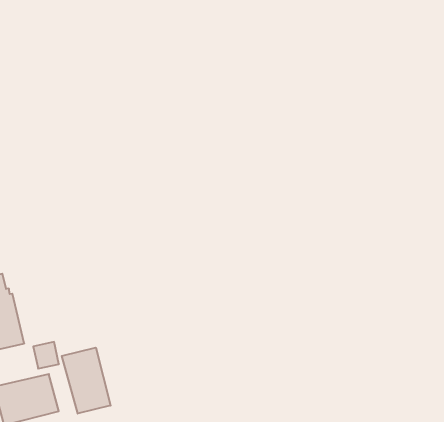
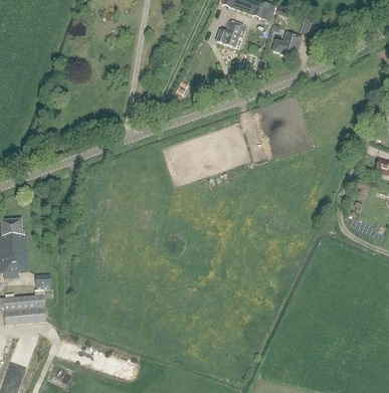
building: [62,348,111,414] -> none

